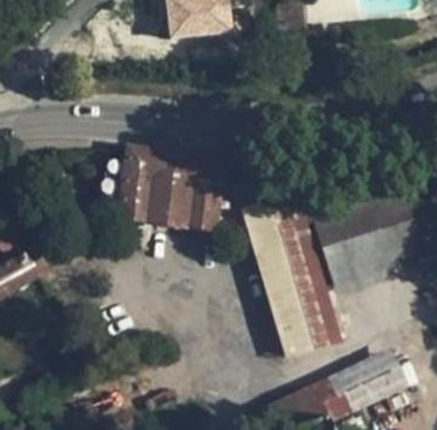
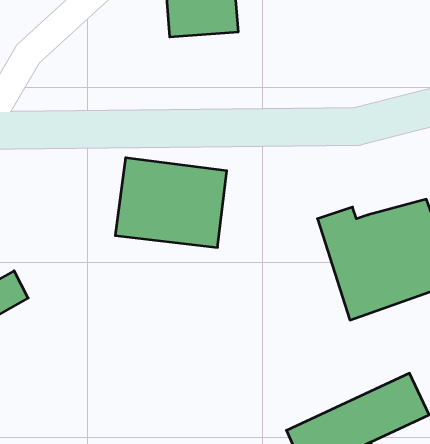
building: [247,197,337,353] -> none

